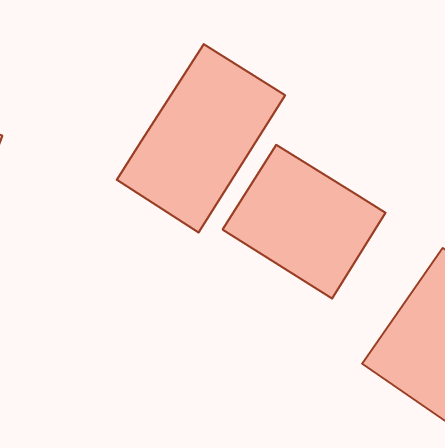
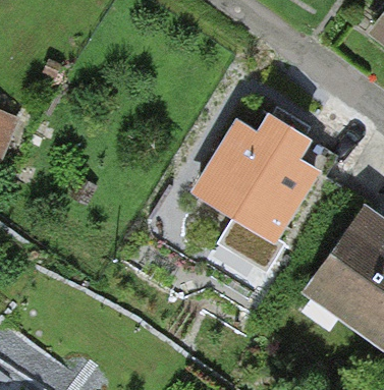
building: [117,44,285,233] -> none

